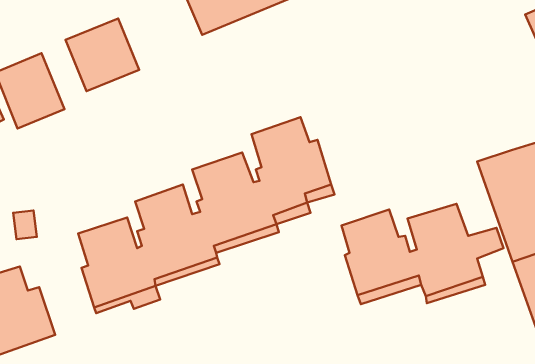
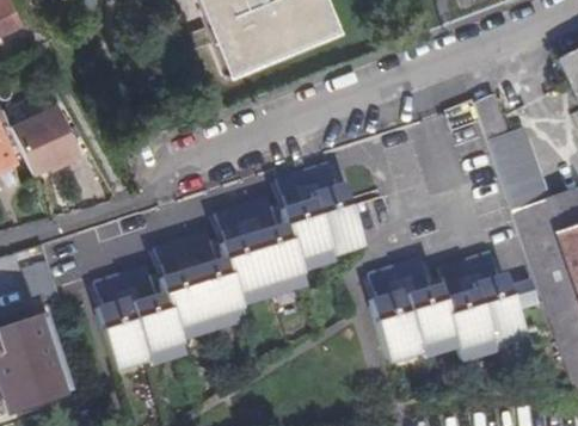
building: [65,19,139,91] -> none
building: none -> [478,95,551,211]

